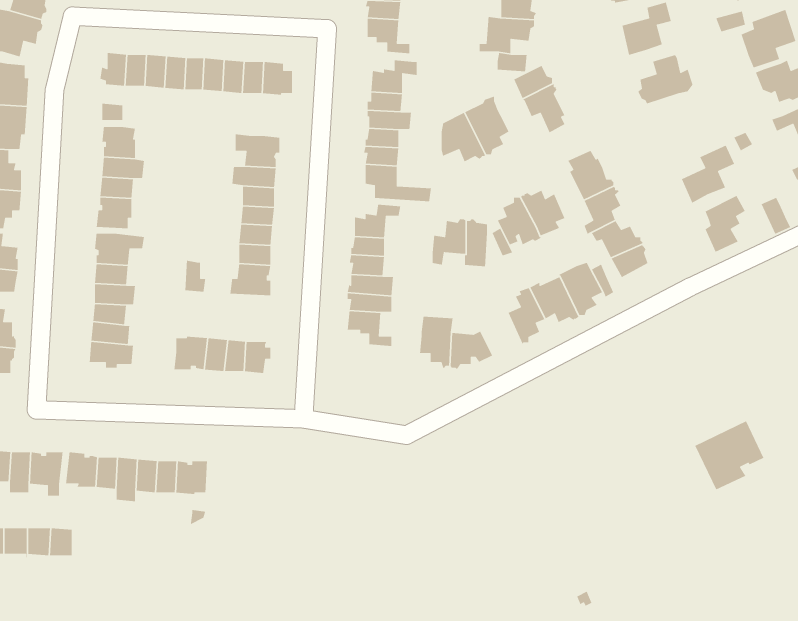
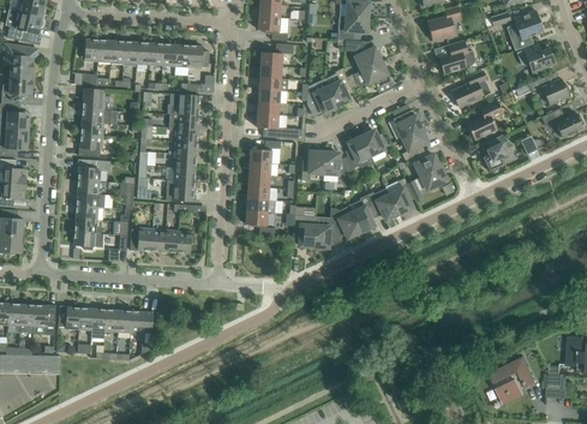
building: none -> [453,70,490,107]
building: none -> [330,207,361,237]
building: [694,420,764,491] -> [489,357,535,404]

